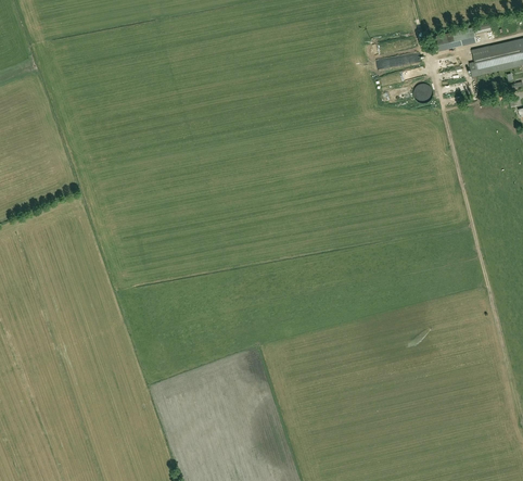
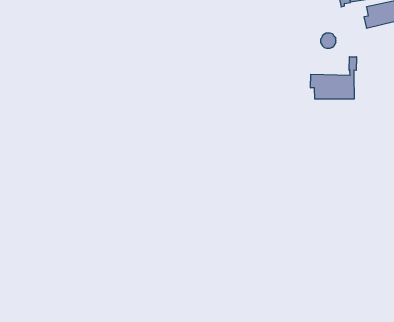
building: none -> [311,57,356,99]

